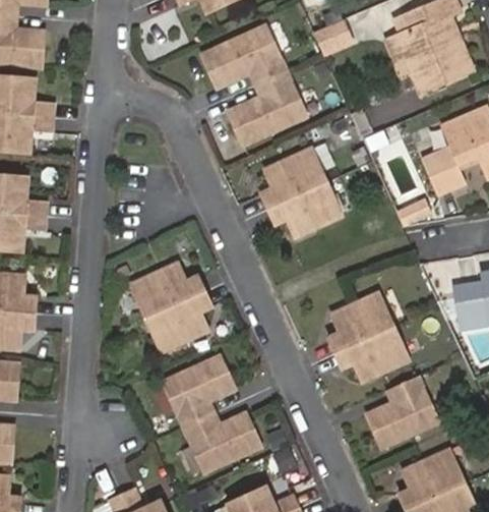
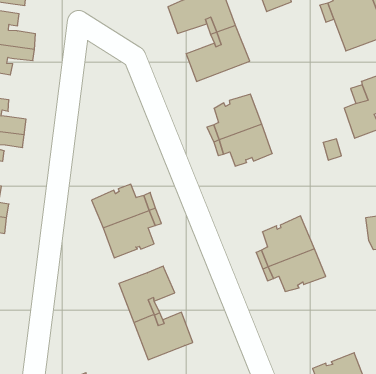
building: [367,381,432,445] -> none

